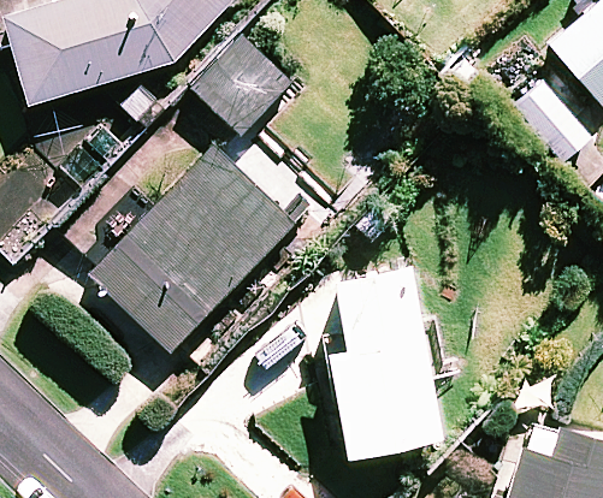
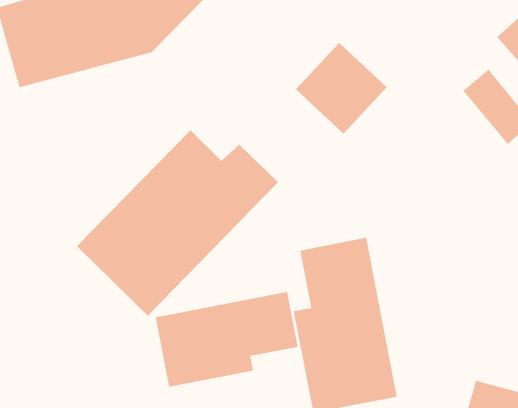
building: [190,34,291,135] -> [295,42,388,134]
building: none -> [155,291,298,388]

